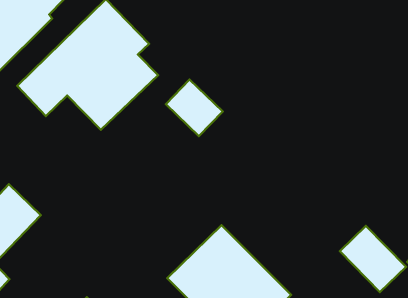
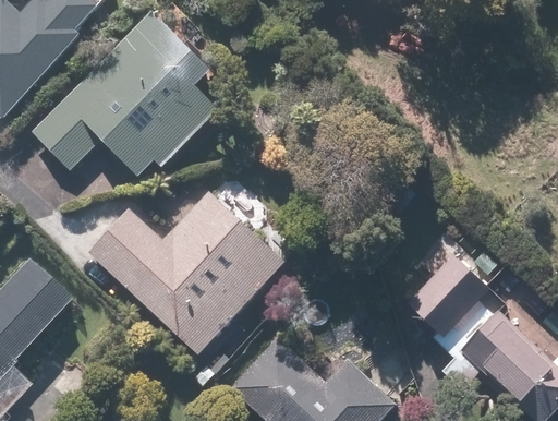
building: [166,79,223,136] -> none
building: none -> [87,190,284,354]
building: none -> [407,253,488,336]

